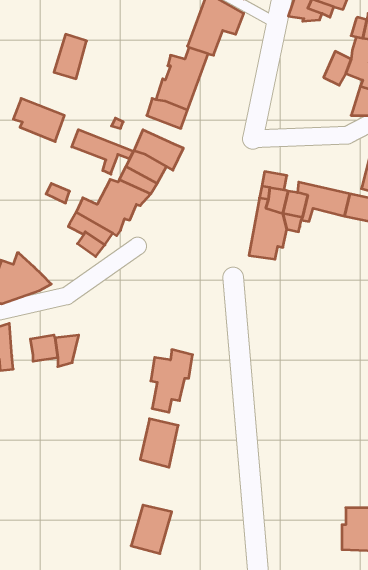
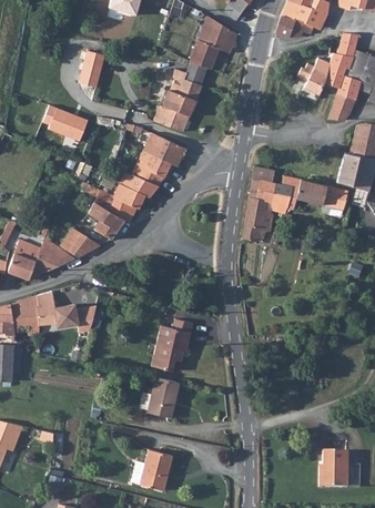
building: [72,130,133,174] -> none
building: none -> [59,231,100,260]
building: none -> [38,293,58,324]

